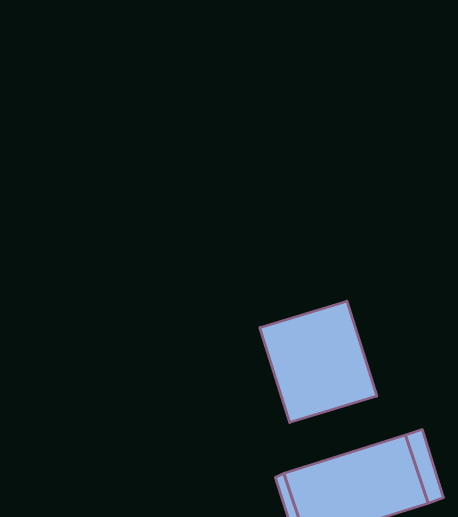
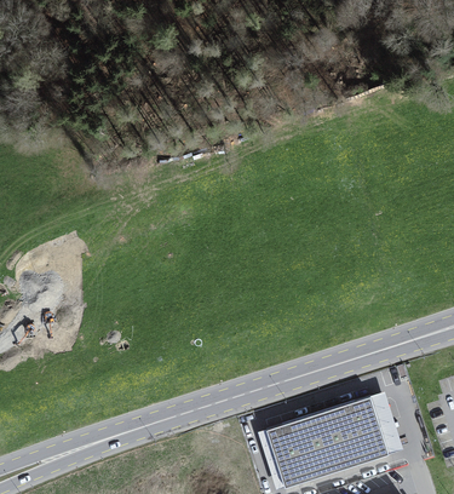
building: [260,301,377,423] -> none

